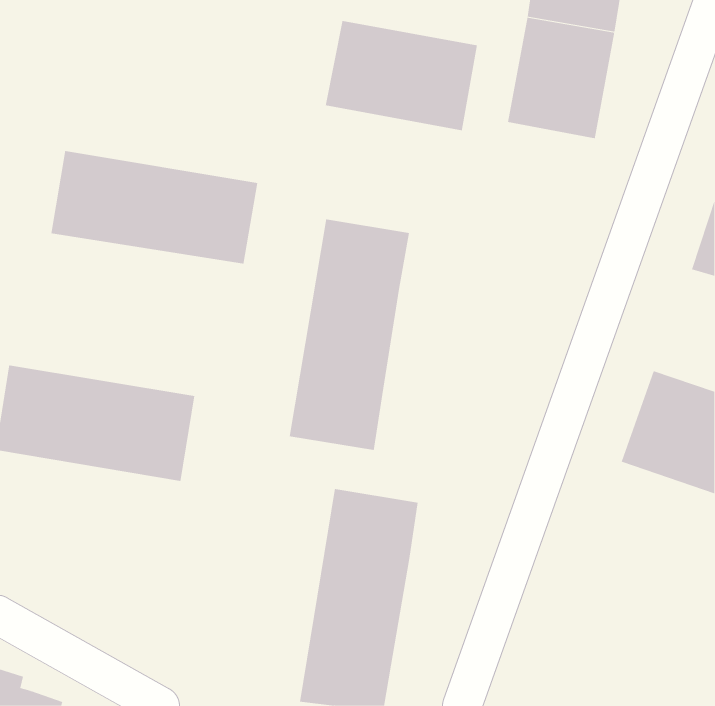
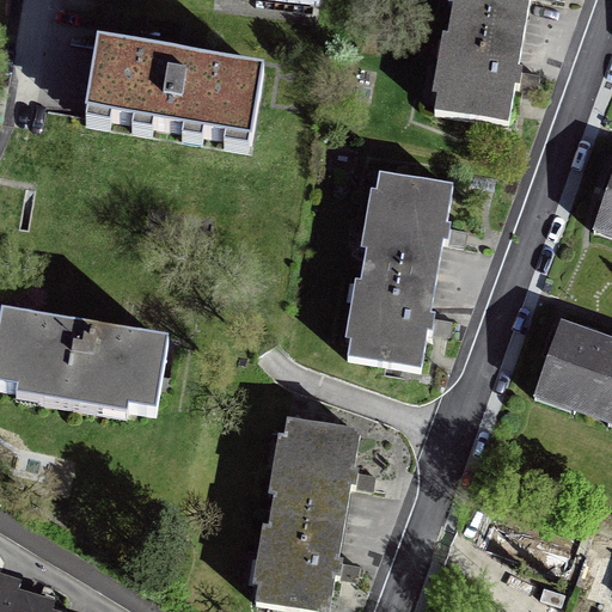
building: [325,20,477,131] -> none
building: [50,151,258,264] -> [84,38,261,135]
building: [289,219,410,451] -> [349,170,452,367]

